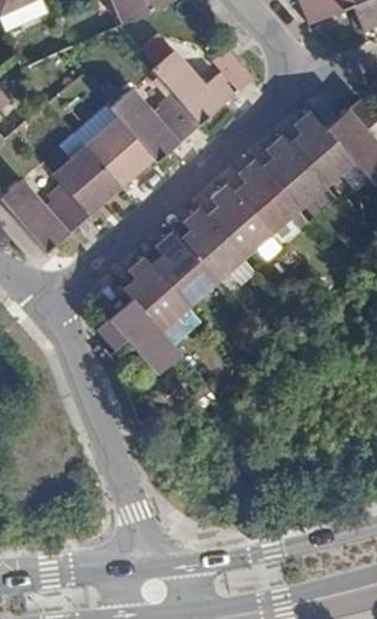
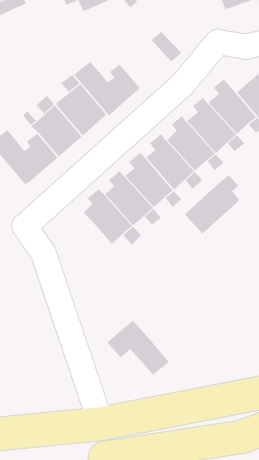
building: [151,48,234,122] -> none
building: none -> [184,174,240,234]
building: [98,297,181,371] -> [106,320,170,376]

